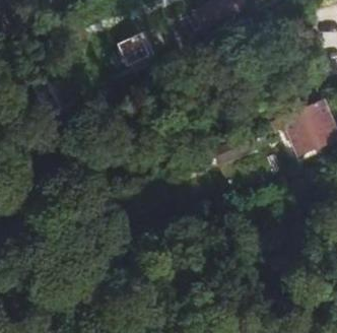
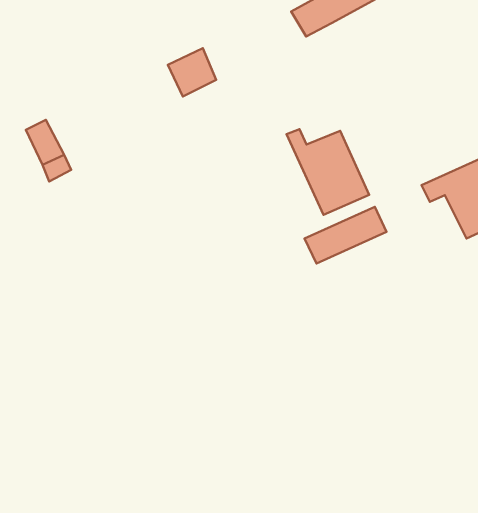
building: none -> [286,129,369,215]

